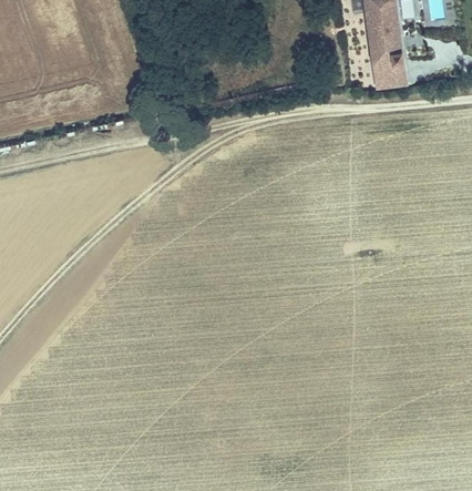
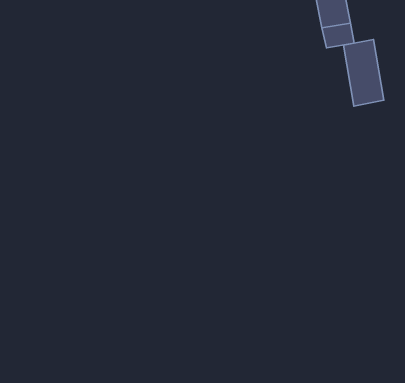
building: none -> [343,39,384,106]

